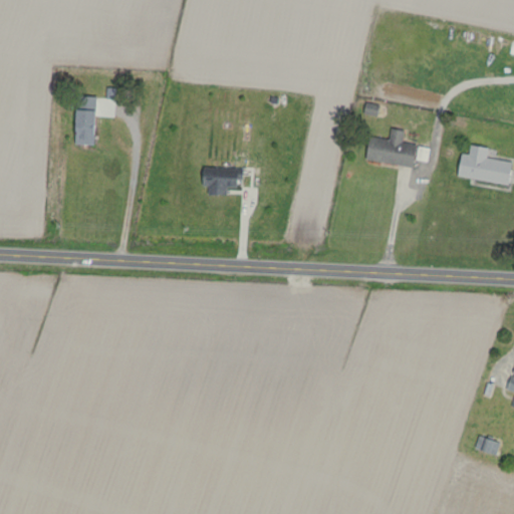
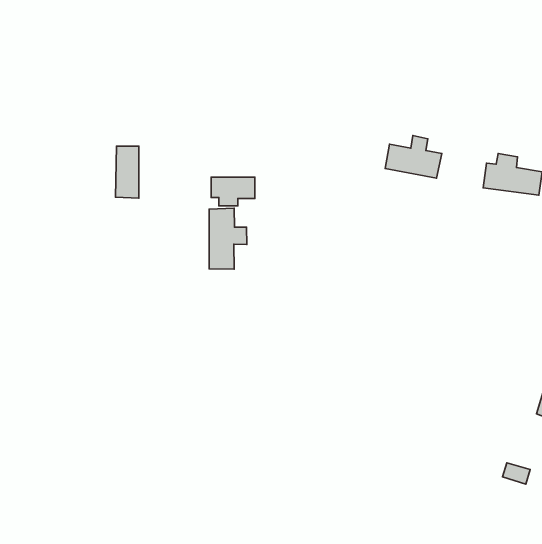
building: [74,96,96,146] -> [115,146,139,198]
building: none -> [209,208,247,269]

